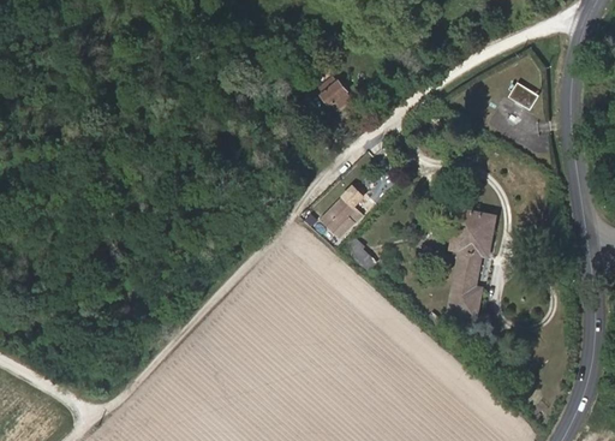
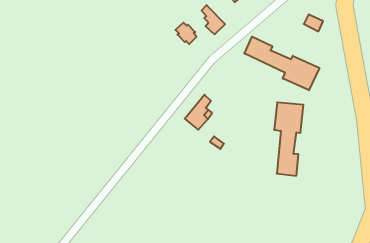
building: none -> [202,5,225,34]
building: none -> [244,37,319,90]

